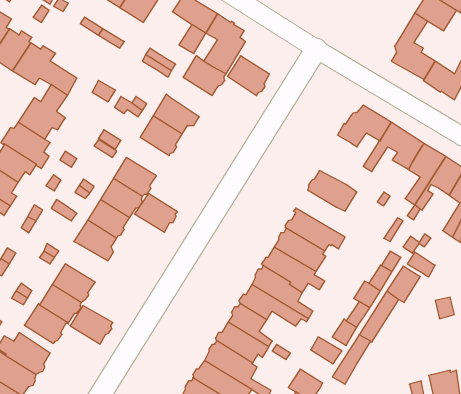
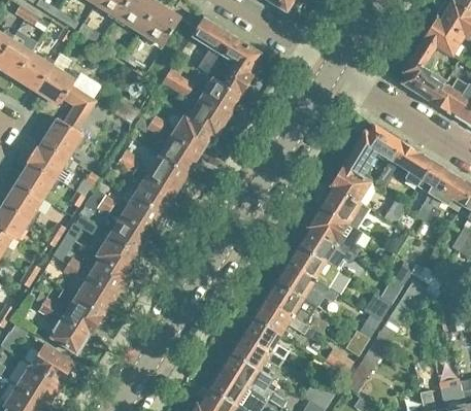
building: [228,56,269,96] -> [189,98,229,136]
building: none -> [329,153,370,201]
building: none -> [309,206,362,251]
building: [134,194,177,232] -> [146,156,188,193]
building: [70,305,113,344] -> [88,258,129,295]

